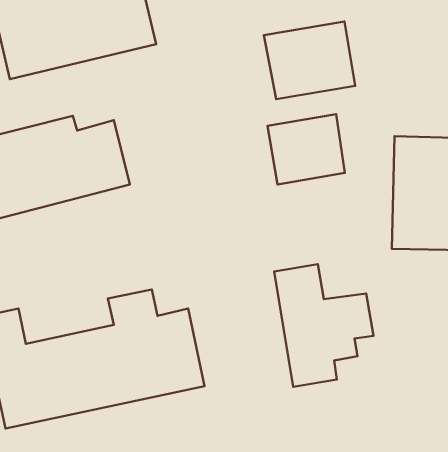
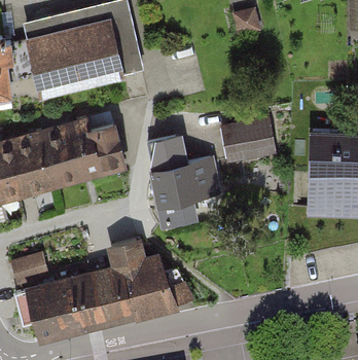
building: [264,21,355,99] -> none
building: [274,264,374,387] -> [148,140,218,226]

